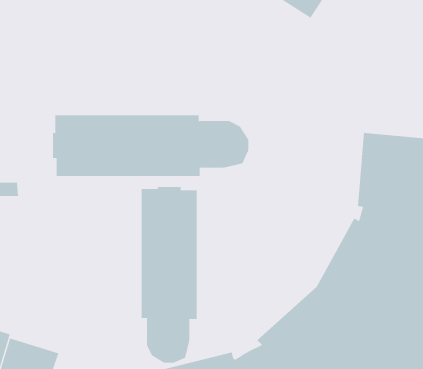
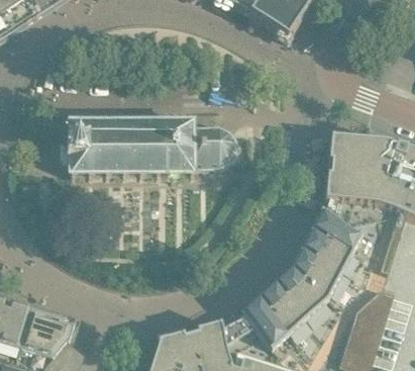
building: [141,186,197,364] -> none

